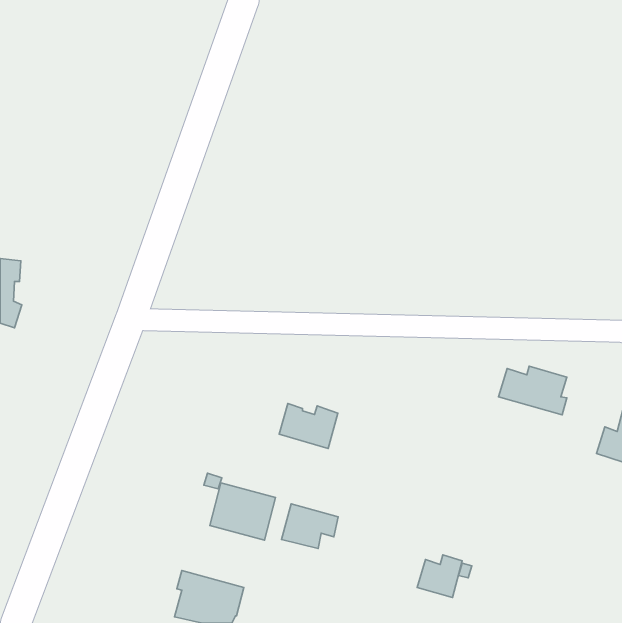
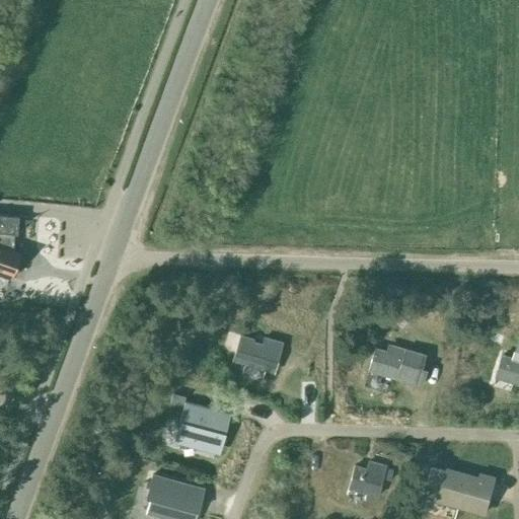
building: [499,366,567,415] -> [368,346,425,386]
building: [282,504,338,548] -> none
building: none -> [438,470,494,514]

